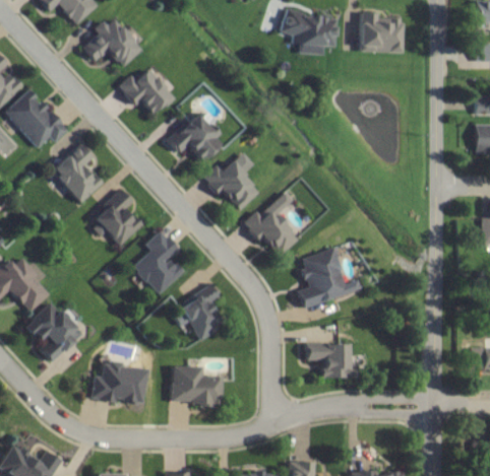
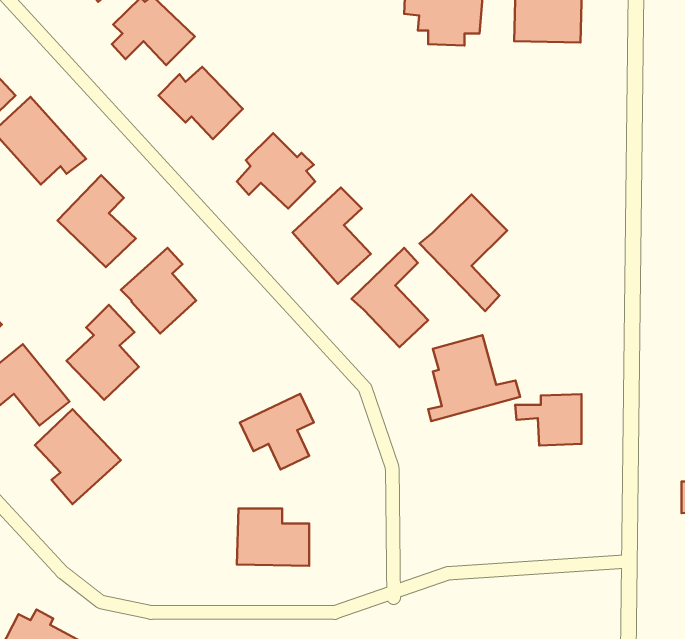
building: none -> [419,195,507,311]
building: [131,229,180,293] -> [67,305,139,400]
building: [303,343,348,378] -> [515,394,581,445]
building: [98,360,144,404] -> none

